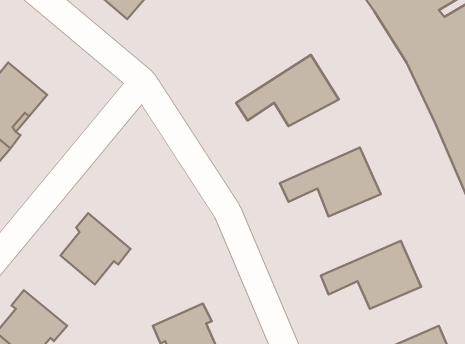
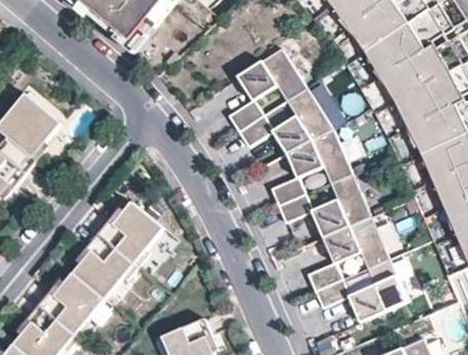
building: none -> [225,48,304,131]
building: none -> [268,128,349,205]
building: none -> [99,201,163,266]
building: none -> [305,215,387,290]
building: none -> [39,272,105,337]

